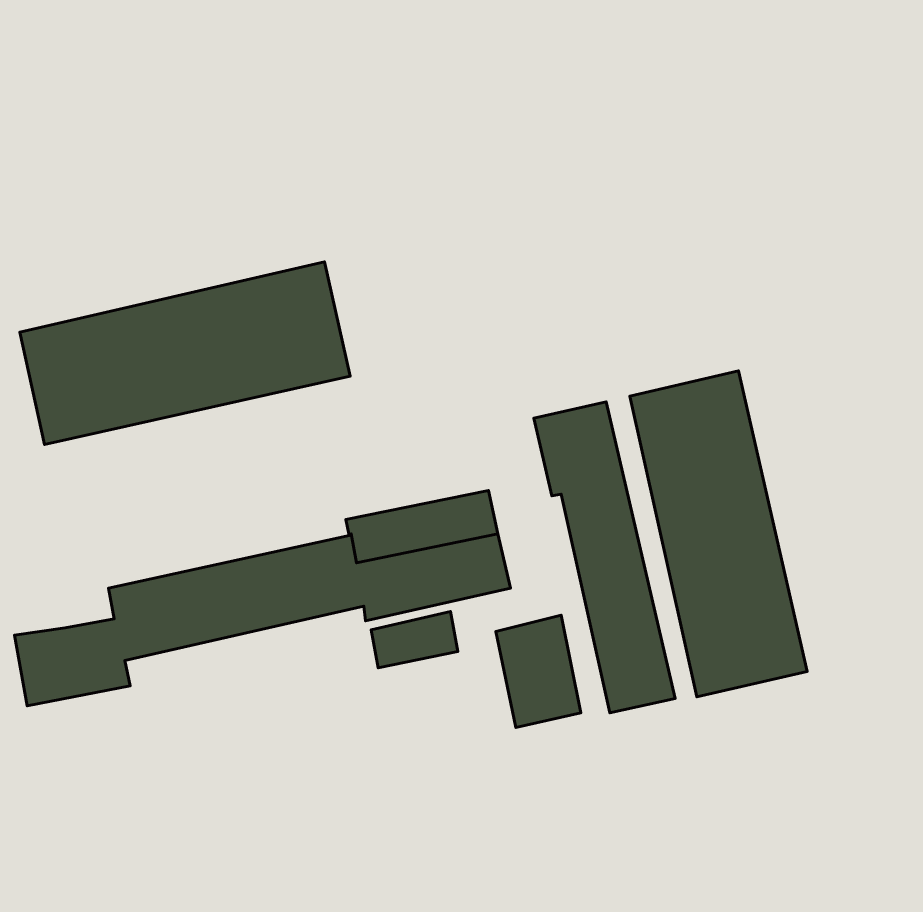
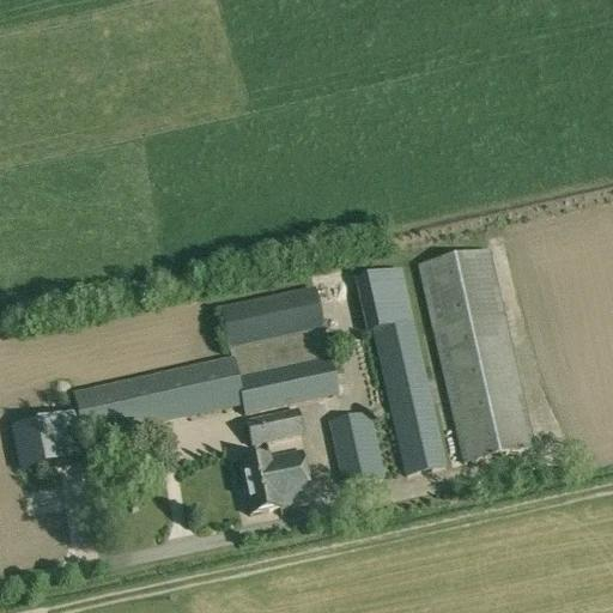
building: [20,262,350,444] -> none
building: none -> [221,284,324,344]
building: none -> [238,447,314,511]

